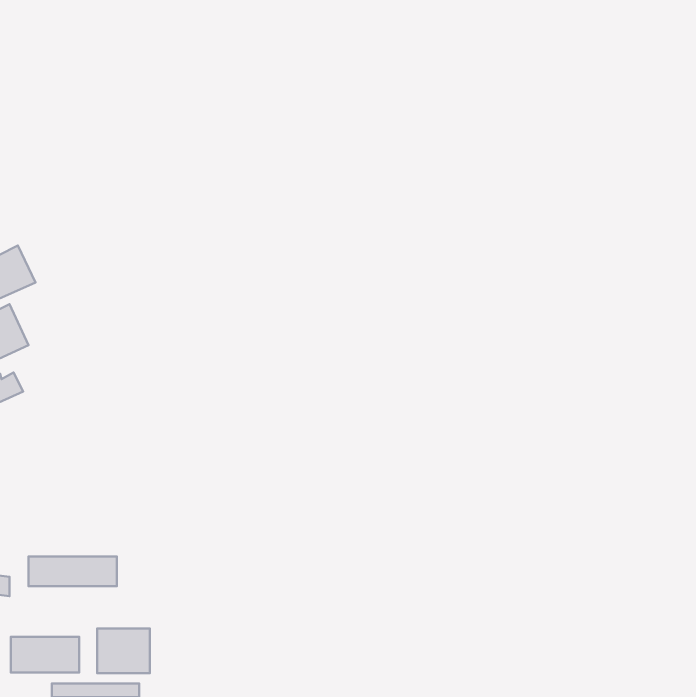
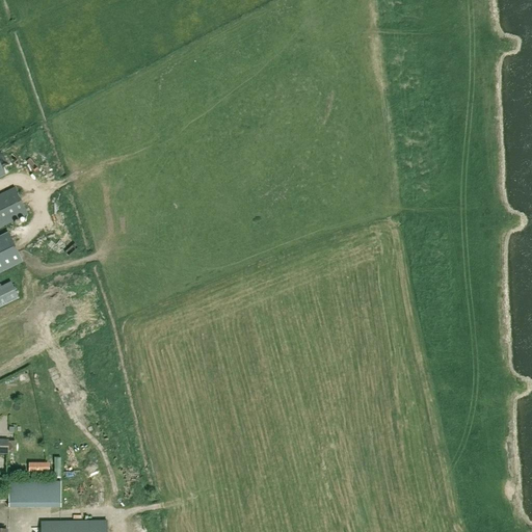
building: [29,557,117,586] -> none
building: [97,629,150,673] -> none

